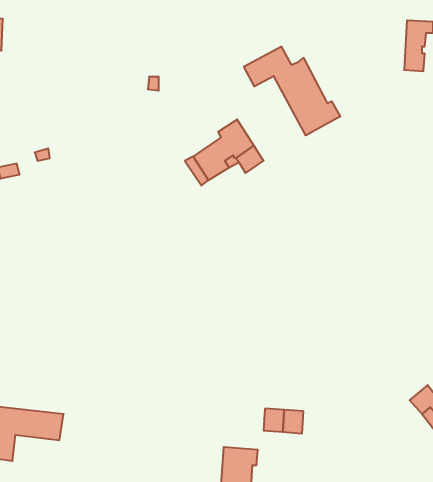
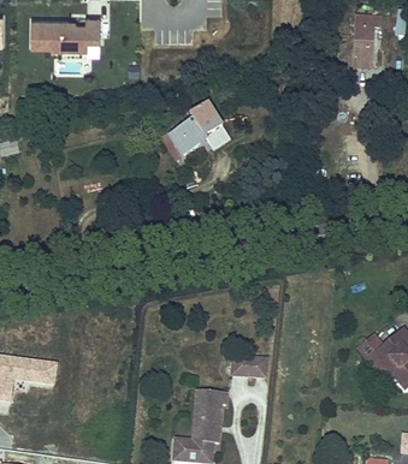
building: none -> [31,20,100,50]
building: [244,47,340,135] -> none

